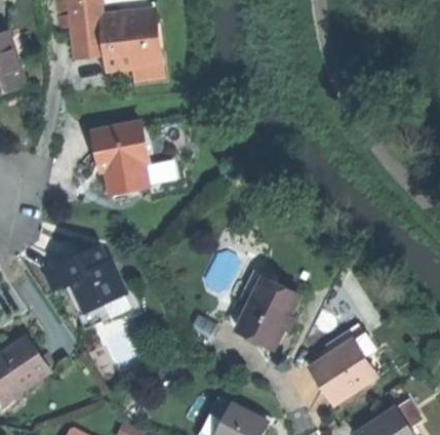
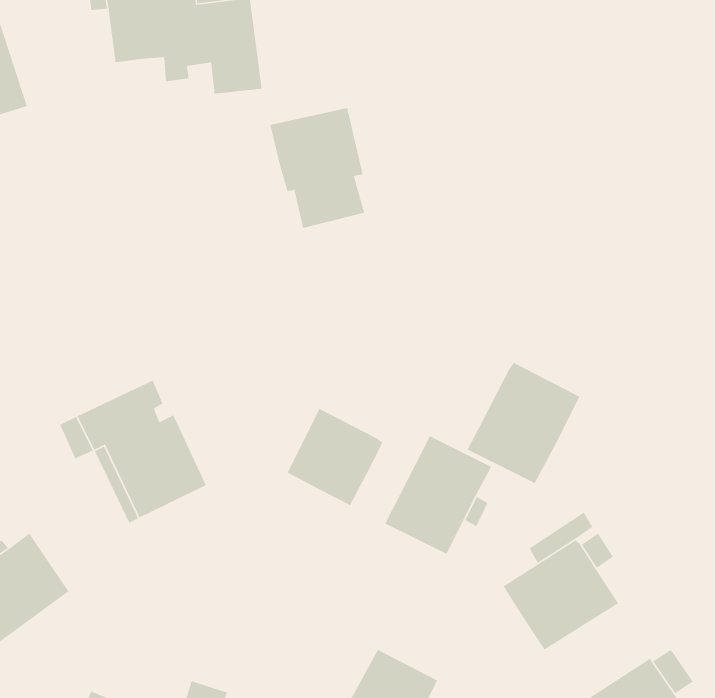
building: [91,122,148,194] -> [269,107,365,229]
building: none -> [467,362,580,484]
building: none -> [286,408,383,506]

